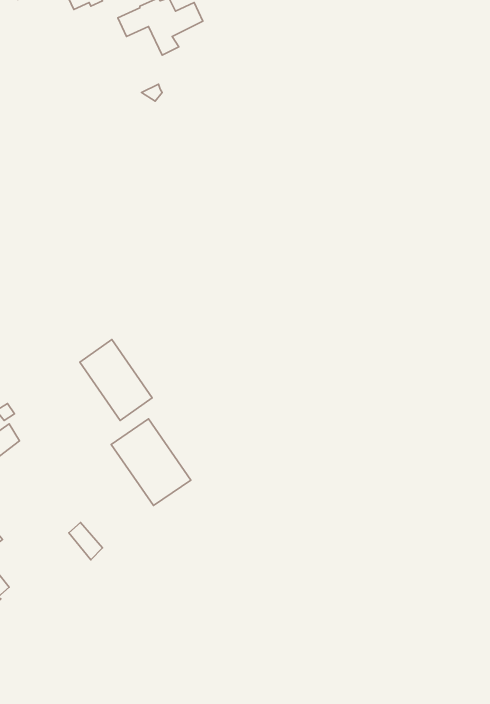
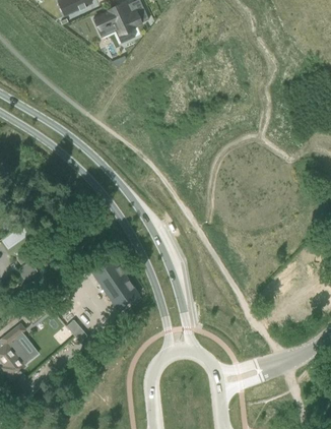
building: [80,339,152,420] -> none

